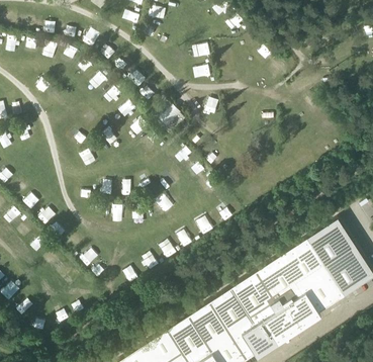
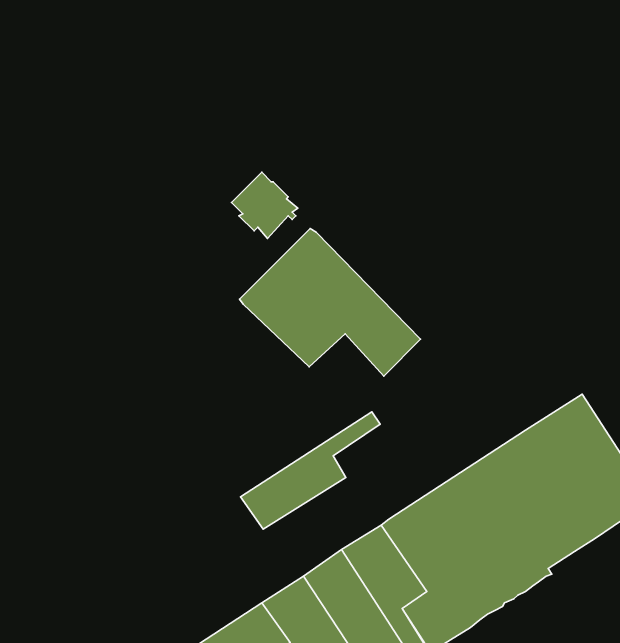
building: none -> [240,229,420,376]
building: none -> [241,412,380,529]

